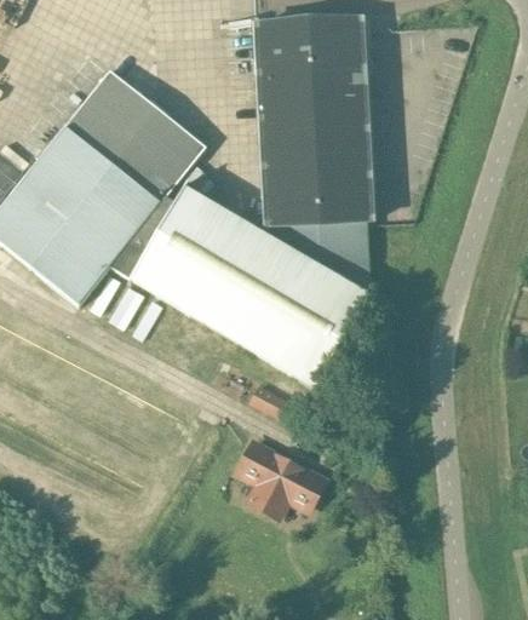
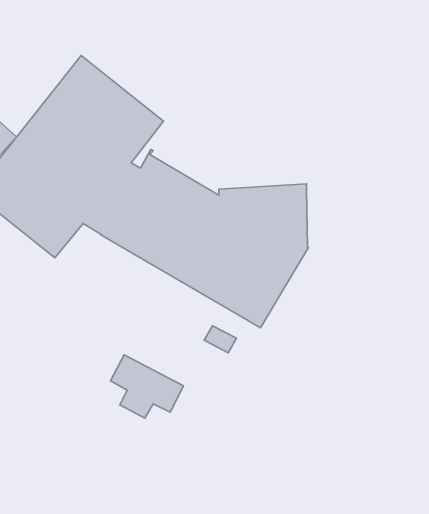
building: [258,19,371,226] -> none
building: [241,442,326,516] -> [111,355,184,418]

